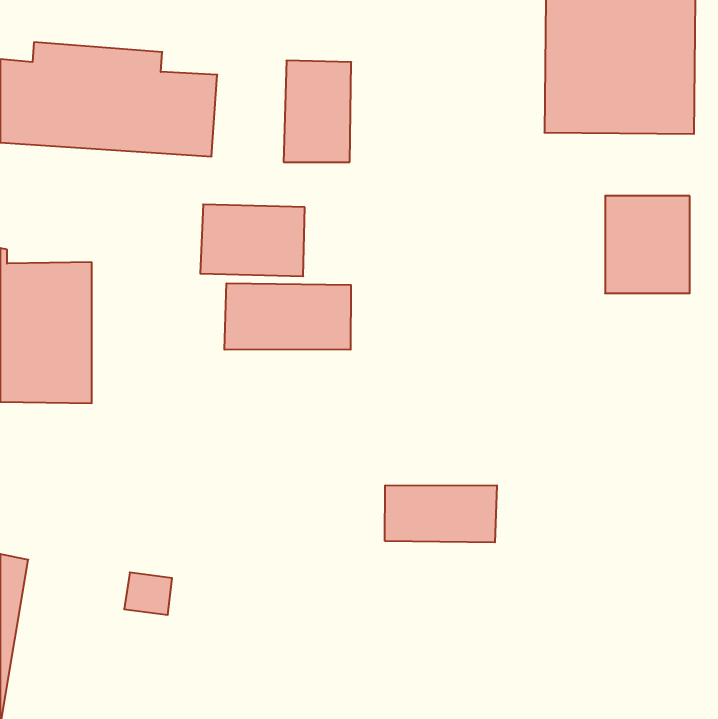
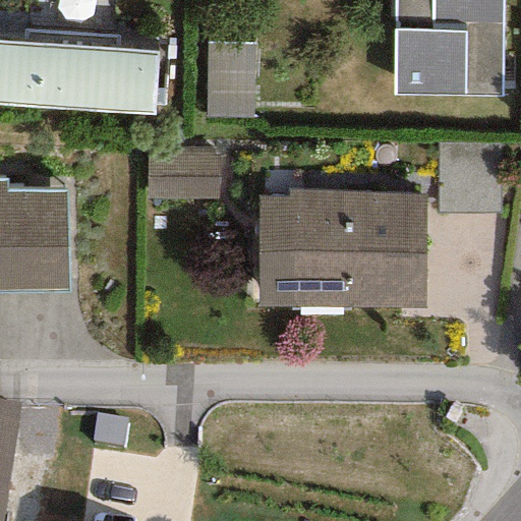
building: none -> [259,191,426,307]
building: [224,283,351,350] -> none
building: [385,485,497,542] -> none

